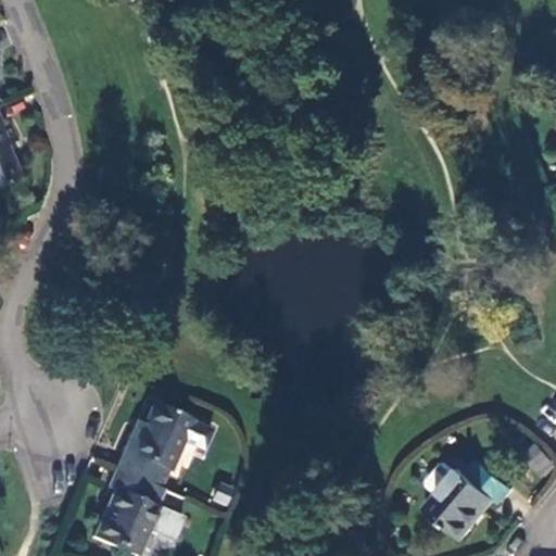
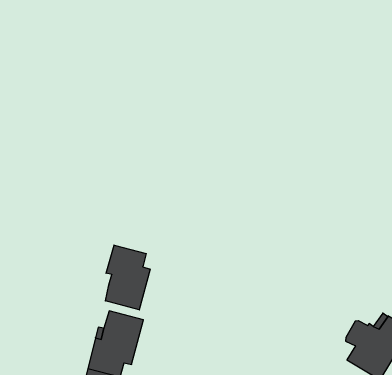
building: none -> [105,245,150,310]

